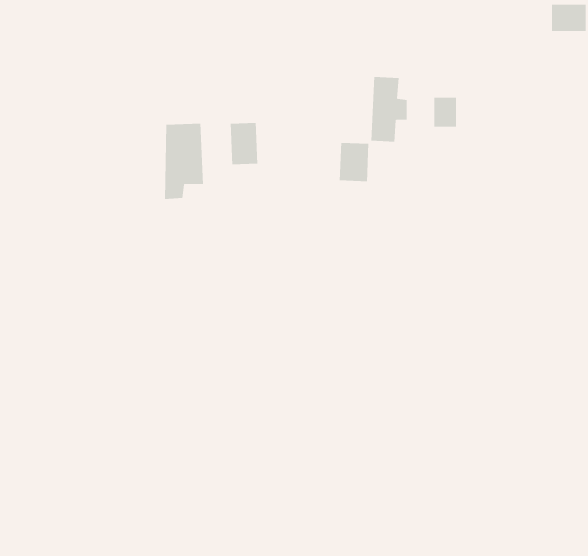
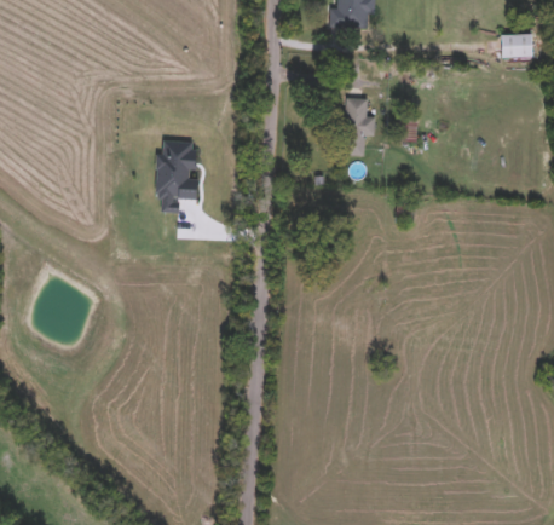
building: [230,122,258,165] -> none
building: [339,142,369,182] -> none

